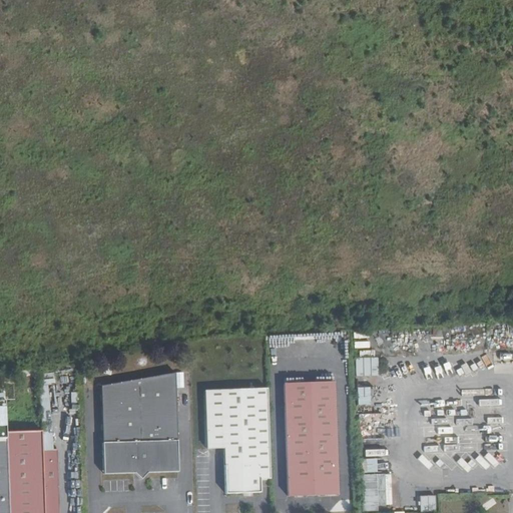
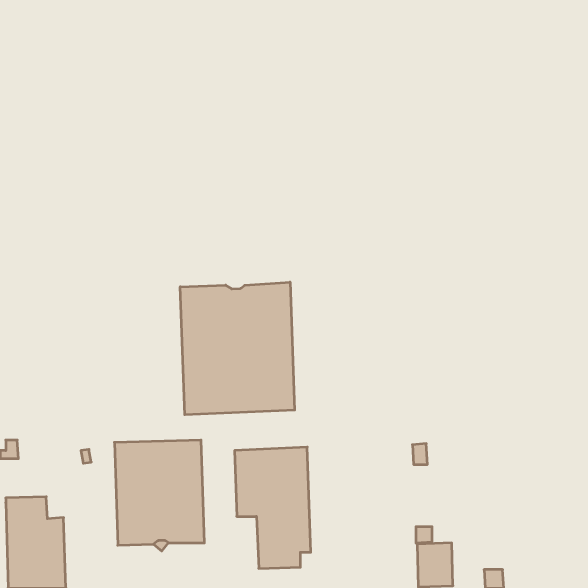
building: none -> [180,282,295,415]
building: [286,381,338,495] -> none

